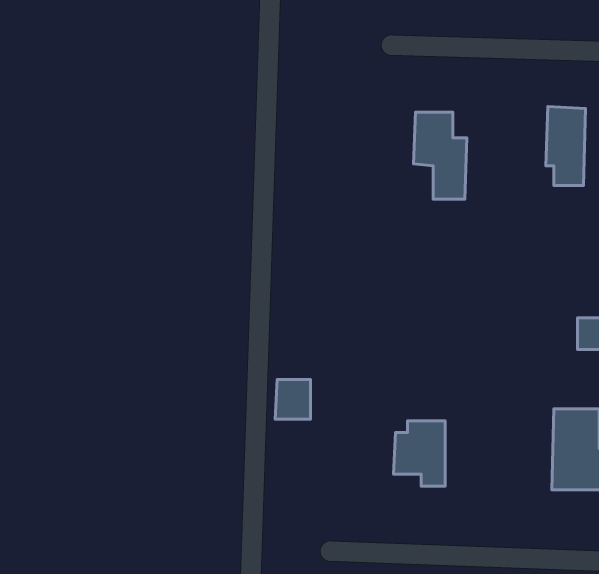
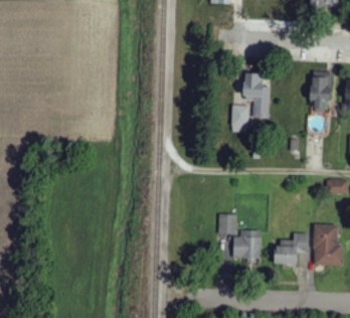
building: none -> [231,105,248,132]
building: [275,379,311,419] -> [218,214,236,234]
building: none -> [276,232,308,265]

